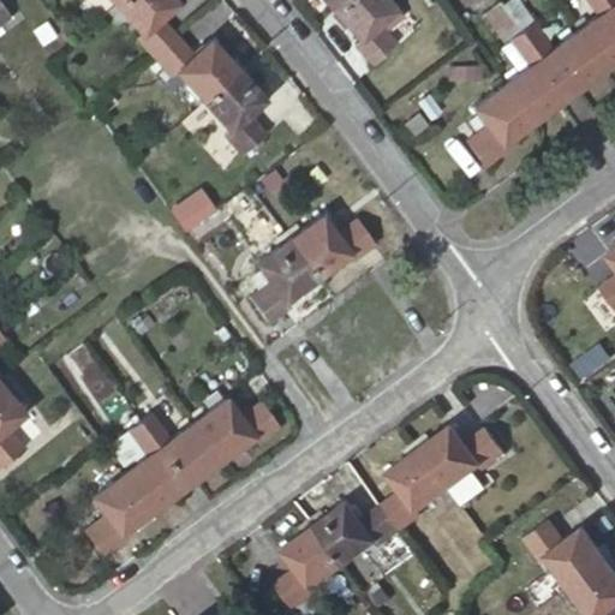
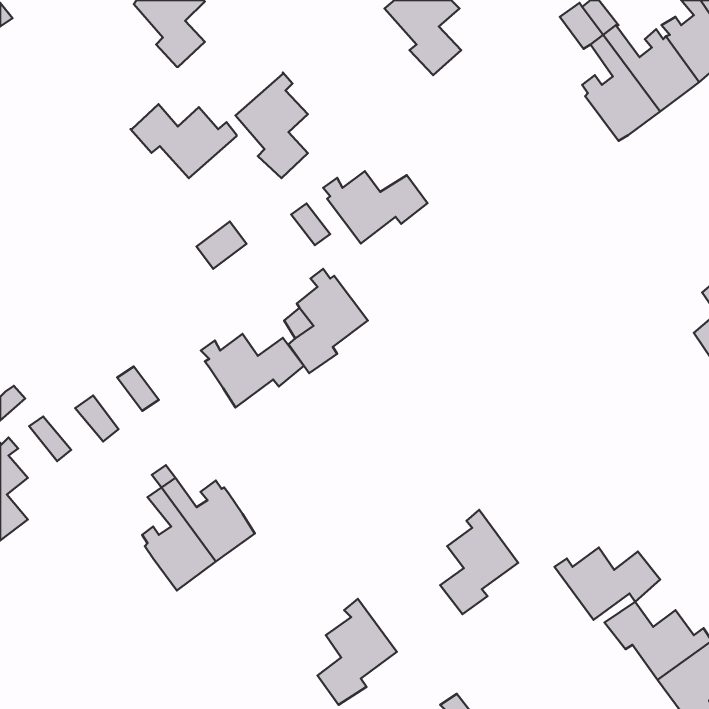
building: [155,38,246,102] -> [130,104,236,178]
building: [467,79,536,168] -> none
building: [287,216,377,279] -> [323,171,428,243]
building: [192,399,281,462] -> [201,334,304,408]
building: [416,425,507,488] -> [554,547,660,620]
building: [85,468,155,557] -> none
building: [311,502,401,565] -> none

